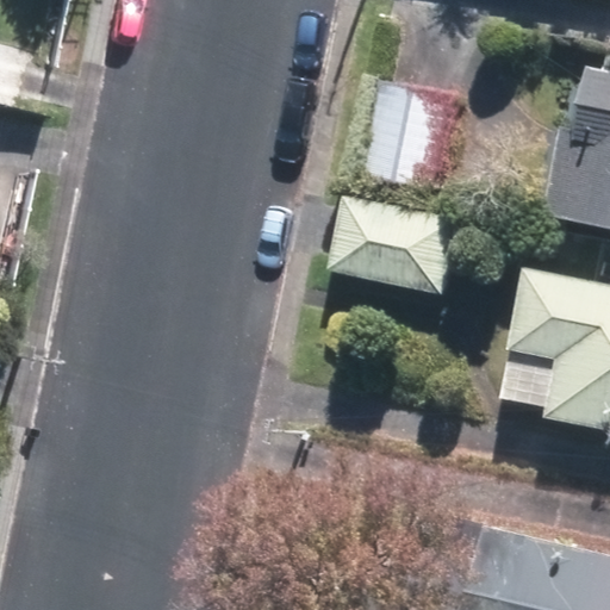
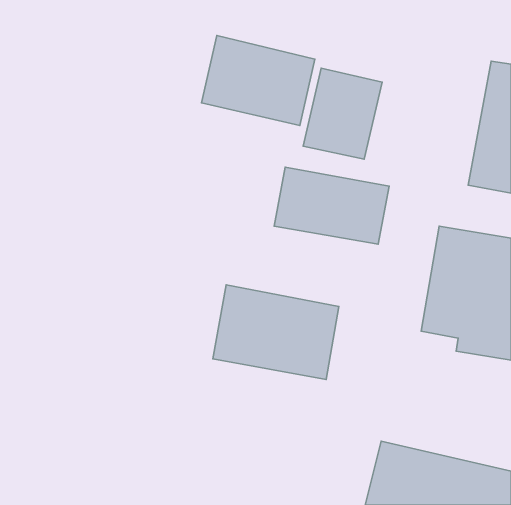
building: none -> [201,36,315,126]
building: none -> [213,285,339,380]

